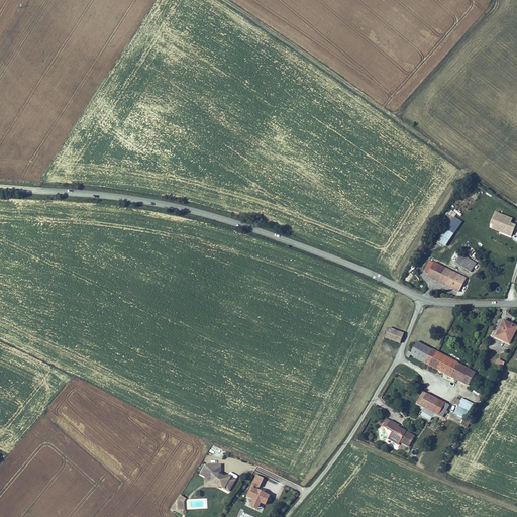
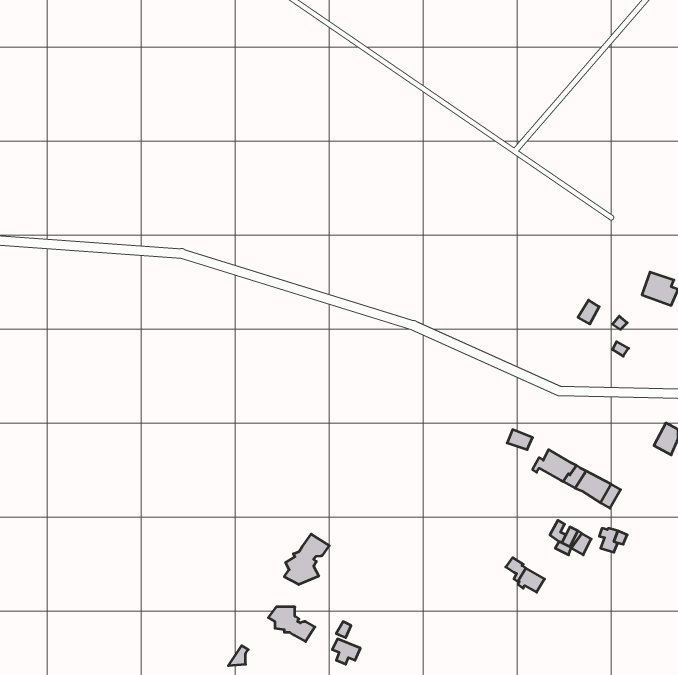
building: [425,257,468,289] -> none
building: none -> [284,534,329,585]

